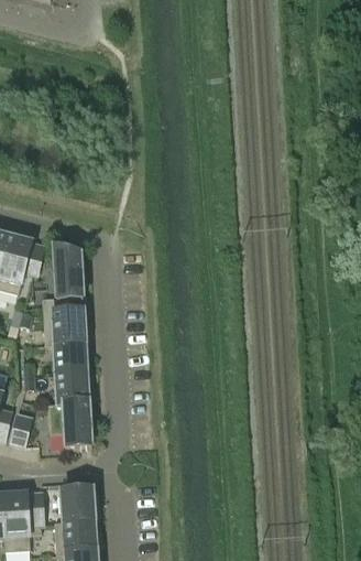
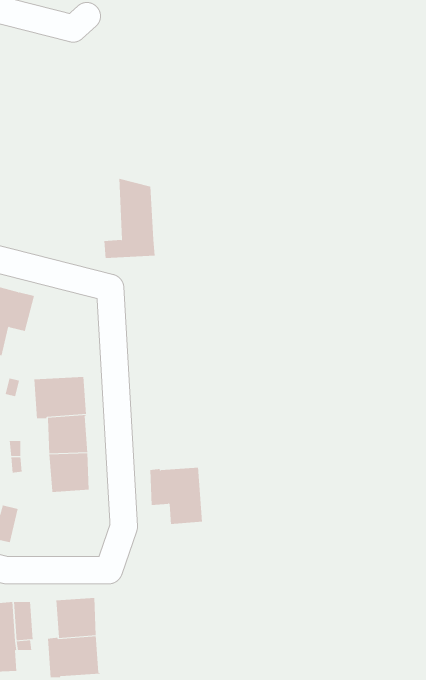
building: [42,245,84,310] -> [103,178,155,259]
building: [48,399,91,445] -> [150,467,203,525]

